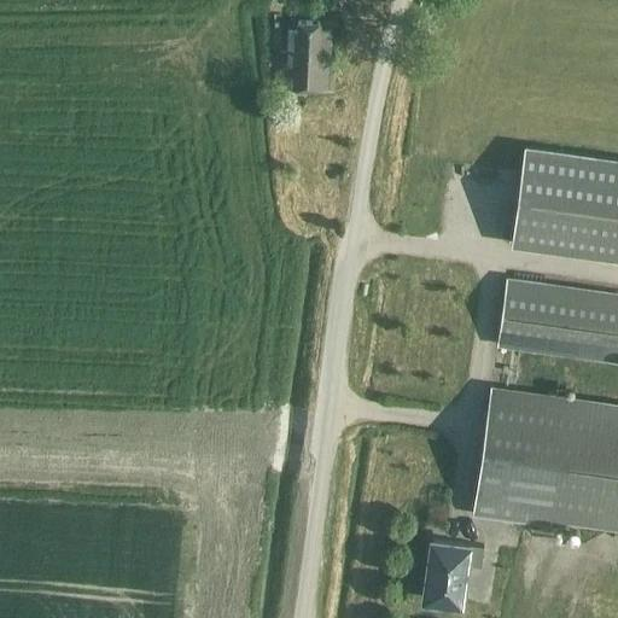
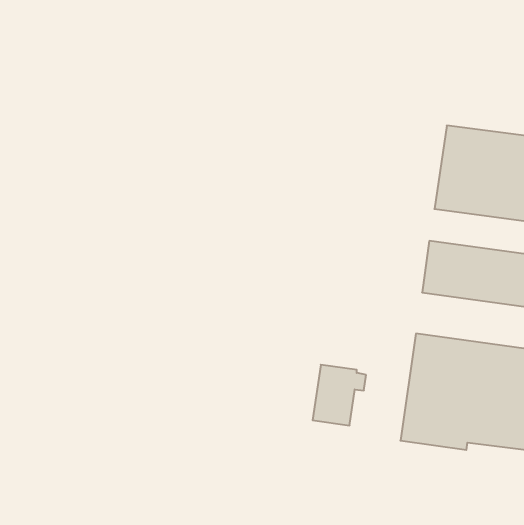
building: [286,22,333,91] -> none
building: [422,535,485,606] -> [313,365,366,425]

